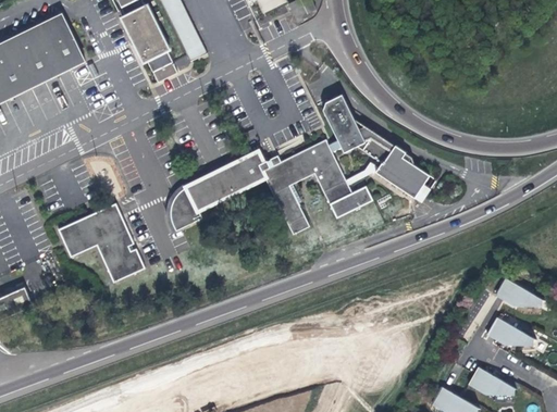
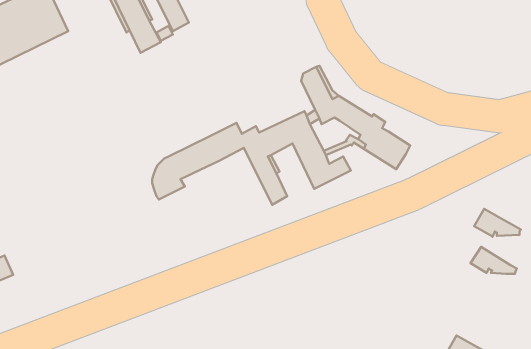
building: [59,203,145,282] -> none
building: [486,317,533,346] -> [474,209,521,237]

